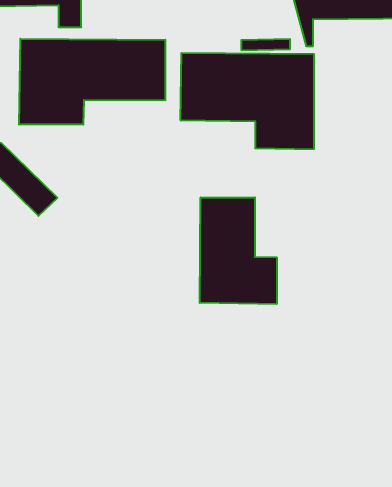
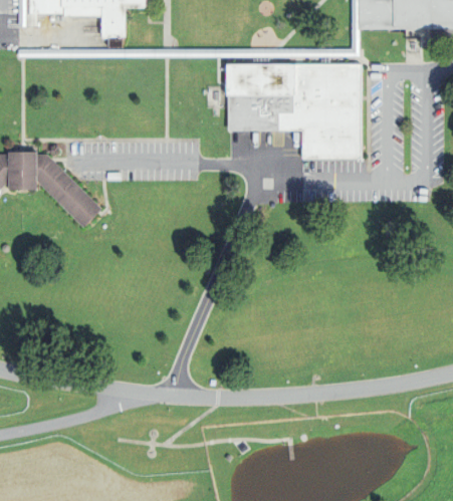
building: [19,39,165,125] -> none
building: [200,197,277,304] -> none

